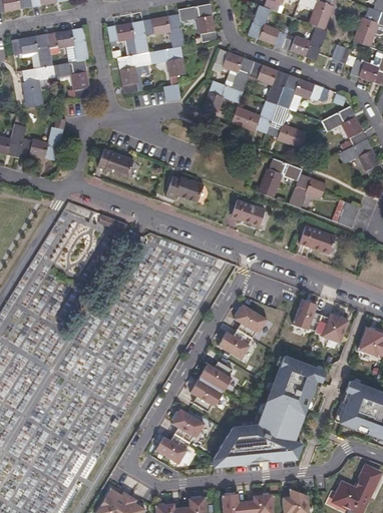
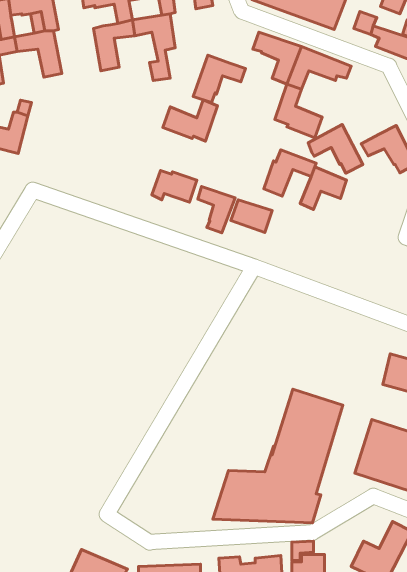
building: [215,48,254,91] -> none
building: [232,99,277,133] -> [163,100,218,141]
building: [322,105,367,145] -> [308,124,363,173]
building: [97,148,134,177] -> none
building: none -> [198,187,235,233]
building: [331,199,359,228] -> none
building: [299,225,335,253] -> none
building: [290,300,347,343] -> none
building: [217,304,266,361] -> none
building: [189,362,234,408] -> none
building: [153,408,206,465] -> none

